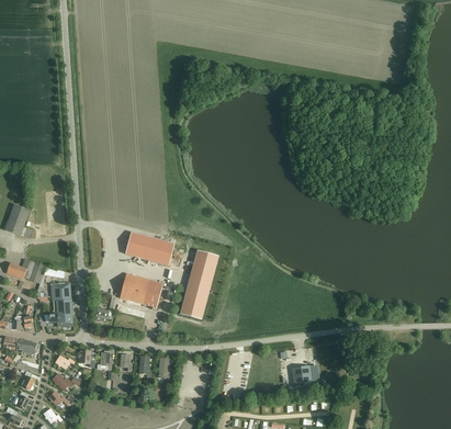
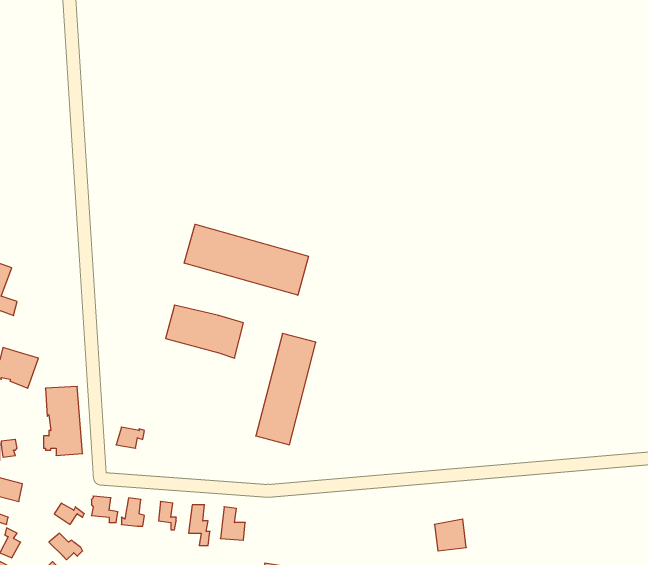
building: none -> [184,224,309,295]
building: [119,272,162,307] -> none

